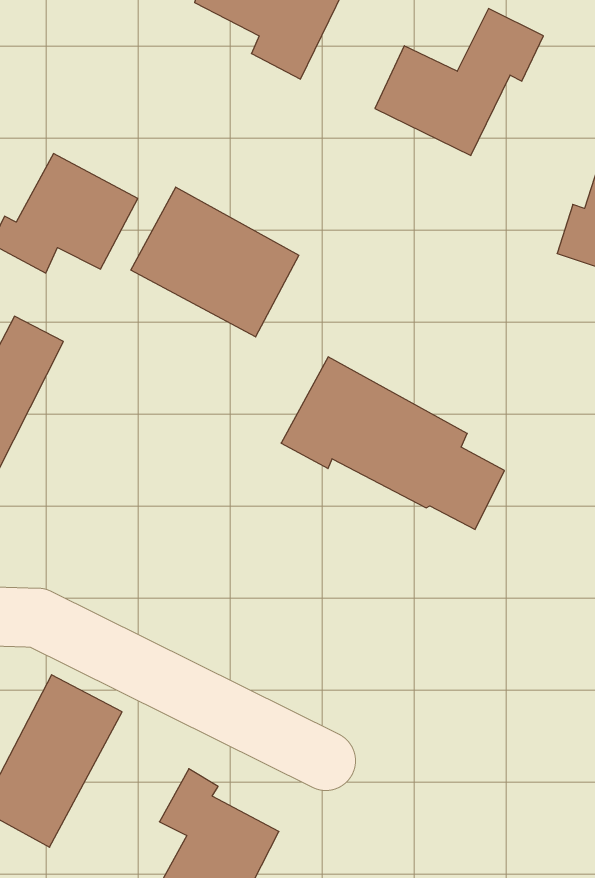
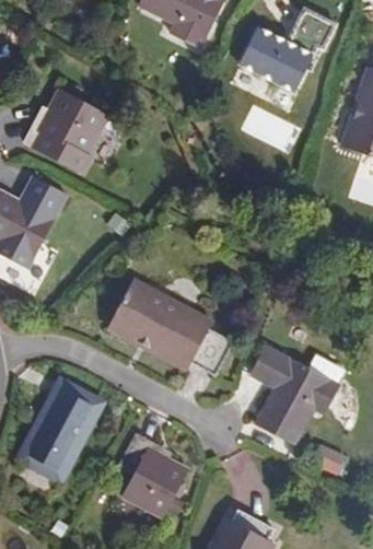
building: [131,187,299,337] -> none
building: [281,357,504,529] -> [106,280,231,376]
building: none -> [248,348,336,444]

